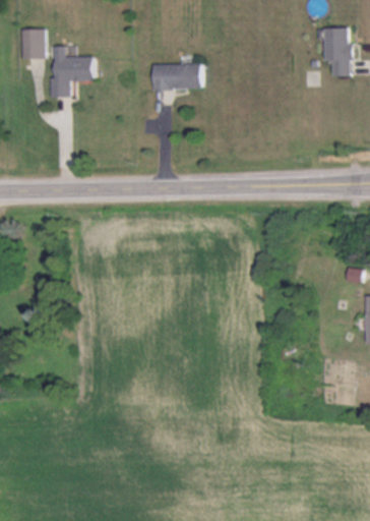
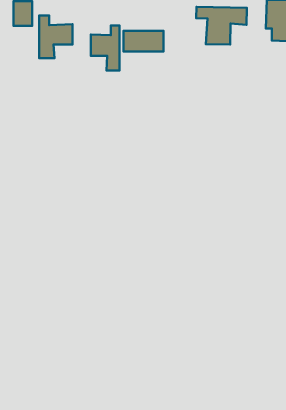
building: none -> [196,7,247,45]
building: none -> [91,25,120,70]

